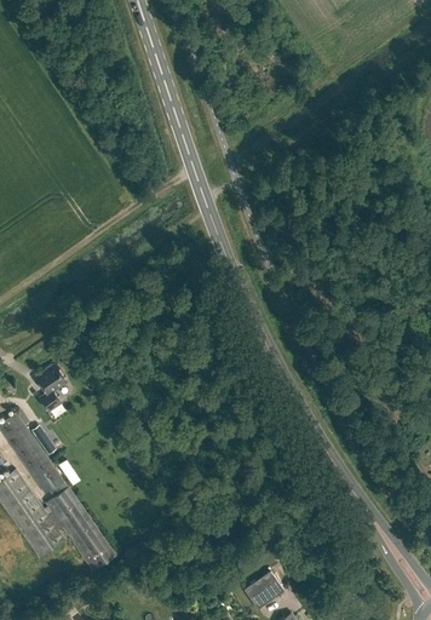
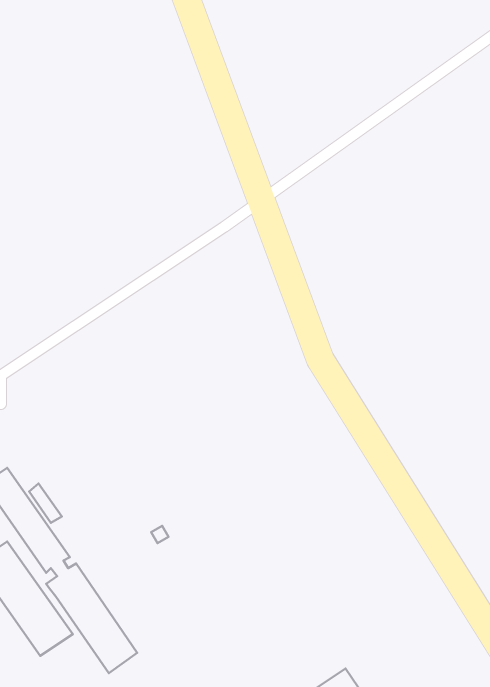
building: [35,363,67,411] -> none

